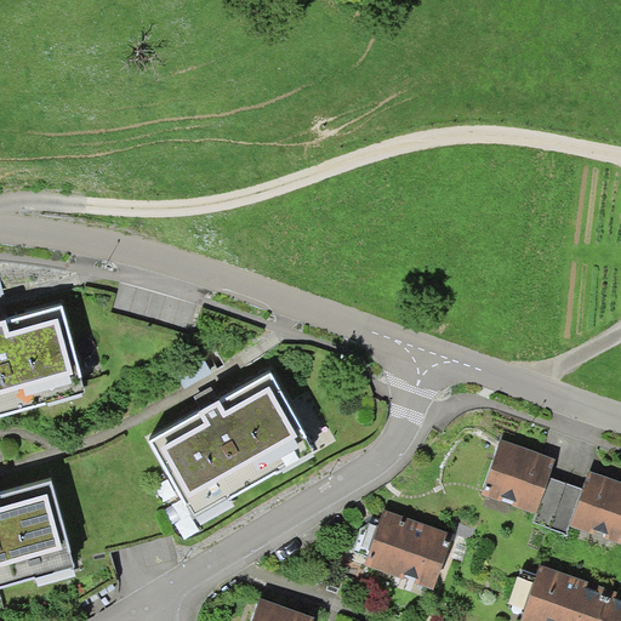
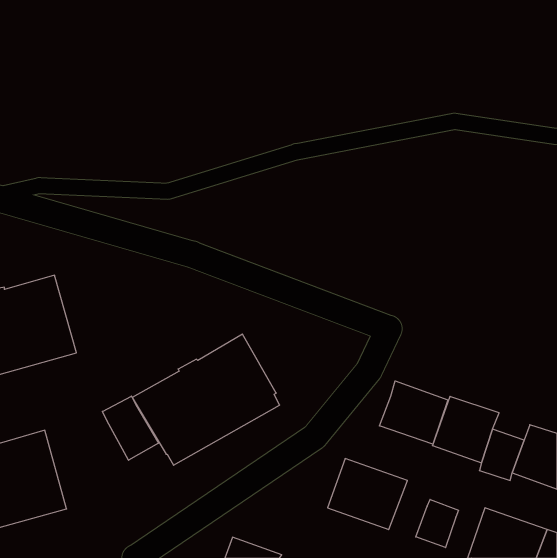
building: none -> [379,381,448,444]
building: none -> [102,396,158,460]
building: none -> [416,499,459,548]

